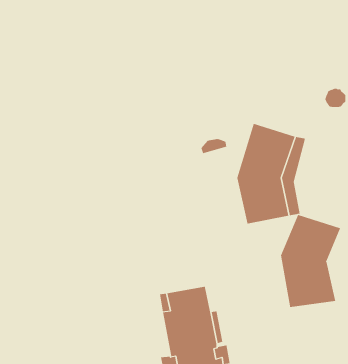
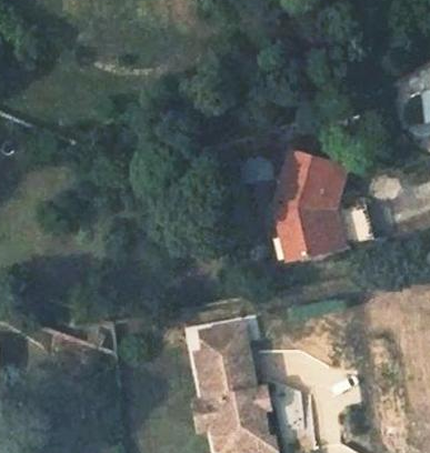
building: [280,214,341,308] -> none

